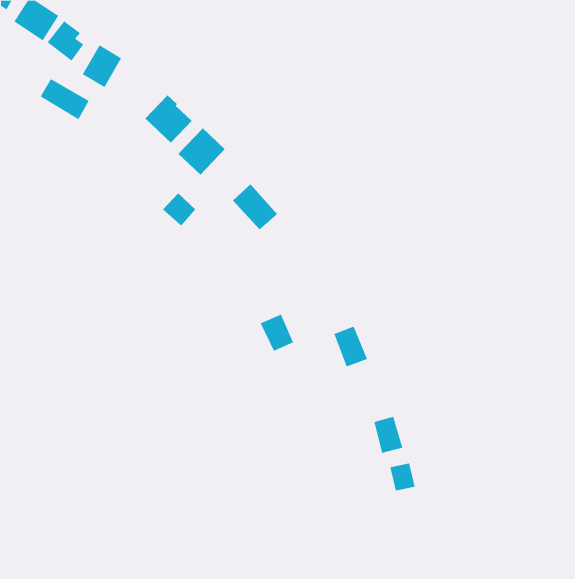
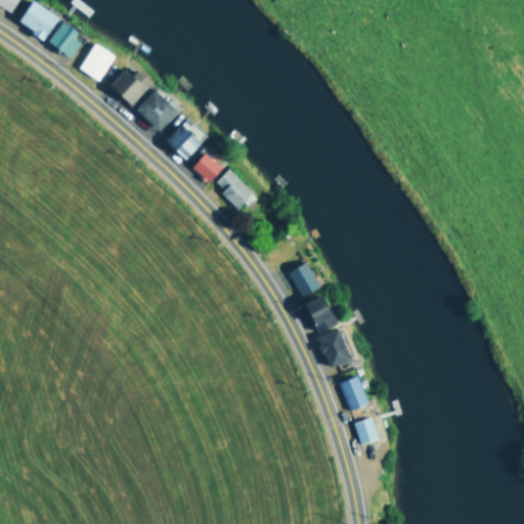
building: none -> [111,70,154,105]
building: [40,78,89,120] -> none
building: [162,192,196,227] -> [192,152,223,183]
building: [260,314,294,352] -> [290,263,320,297]
building: none -> [319,331,351,367]

